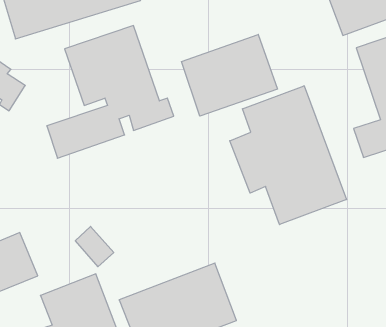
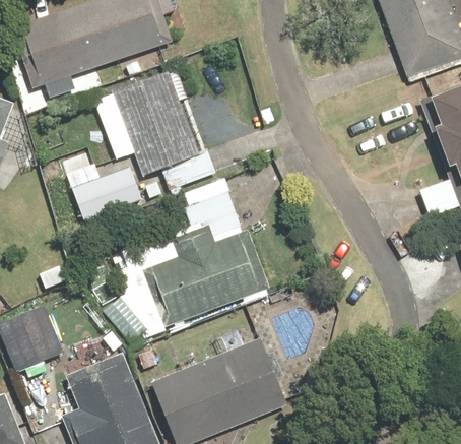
building: [182,34,278,116] -> none
building: [230,86,347,225] -> none
building: none -> [151,188,270,322]

